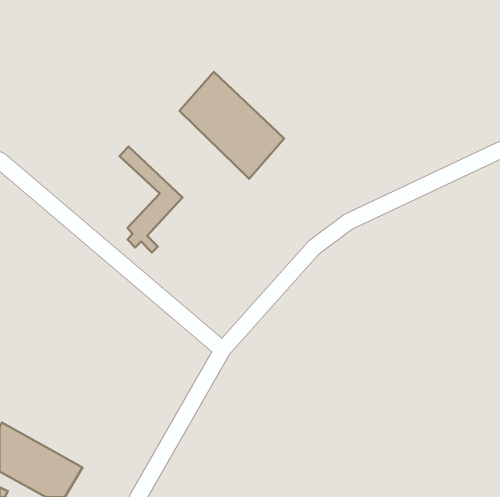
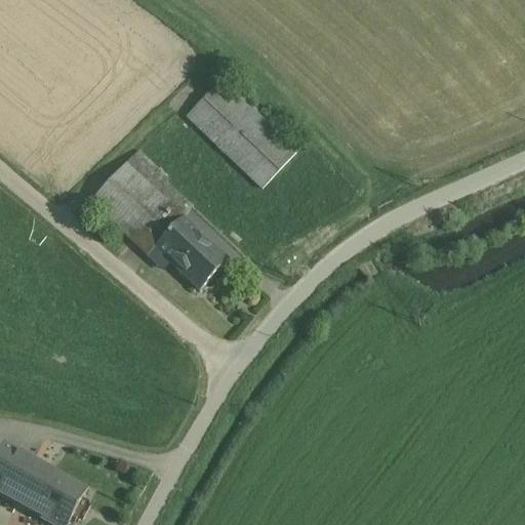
building: none -> [91,163,167,238]
building: none -> [154,216,227,288]

